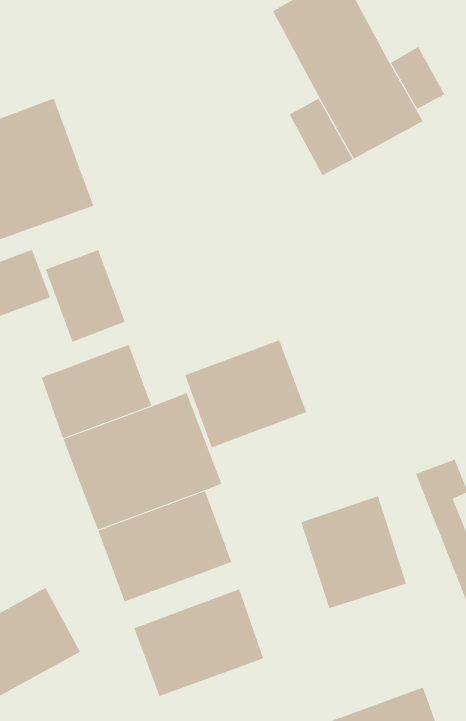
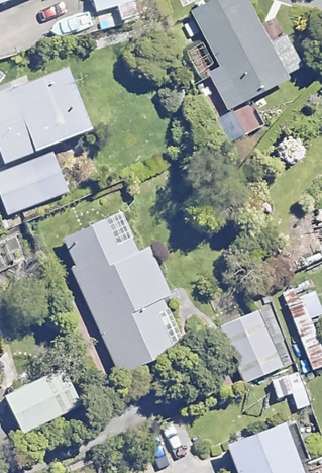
building: [45,249,125,342] -> none
building: [184,339,307,448] -> none
building: [133,588,264,697] -> none

